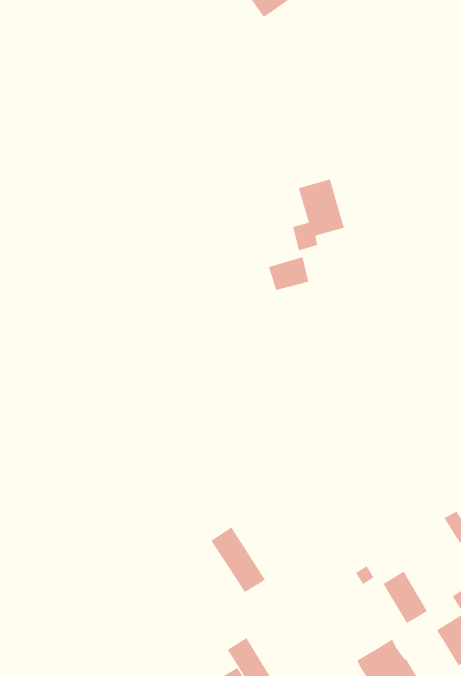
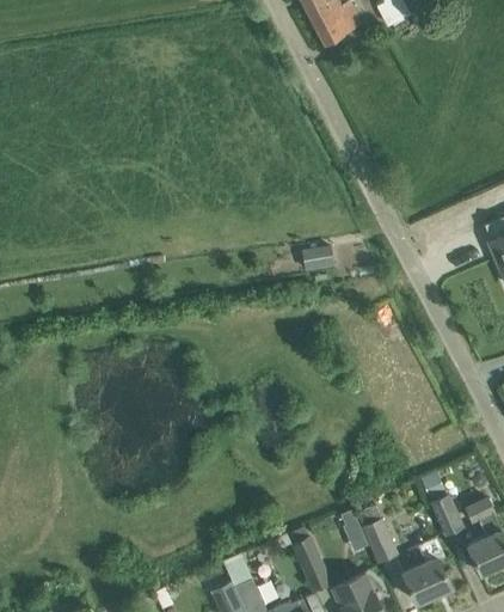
building: [293,178,345,251] -> none
building: [210,527,266,593] -> [290,533,332,589]

